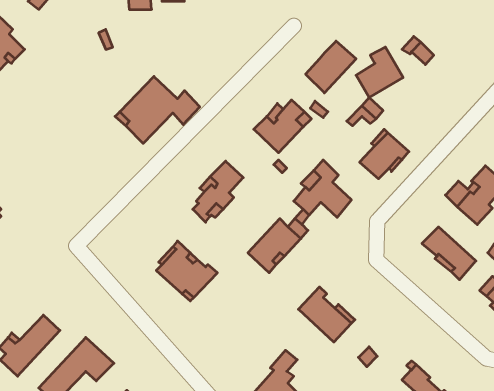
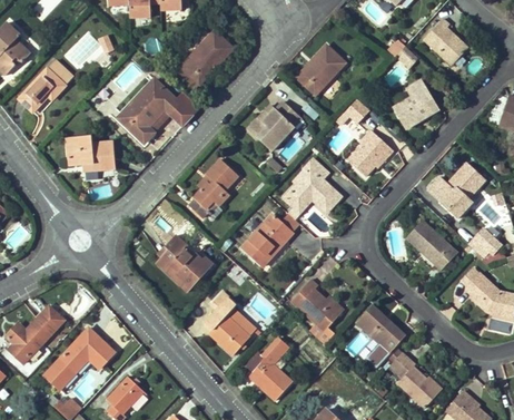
building: none -> [425,20,469,67]
building: none -> [63,31,103,70]
building: none -> [174,31,233,91]
building: [356,47,403,98] -> [395,81,439,129]
building: none -> [19,59,75,113]
building: none -> [67,137,115,170]
building: none -> [206,297,257,355]
building: none -> [356,305,405,367]

